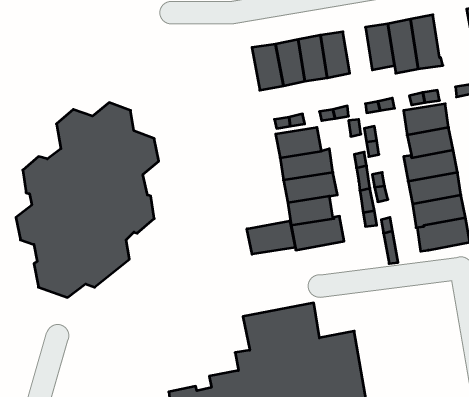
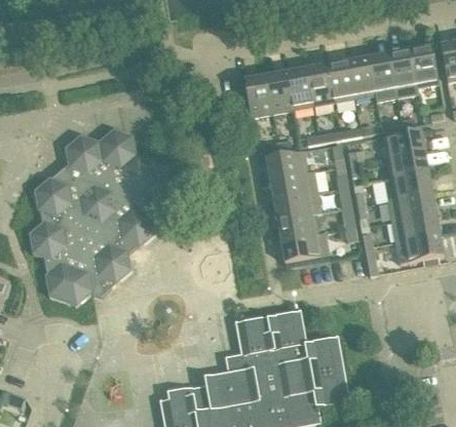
building: none -> [410,44,439,86]
building: none -> [328,59,354,101]
building: [247,221,295,254] -> none

